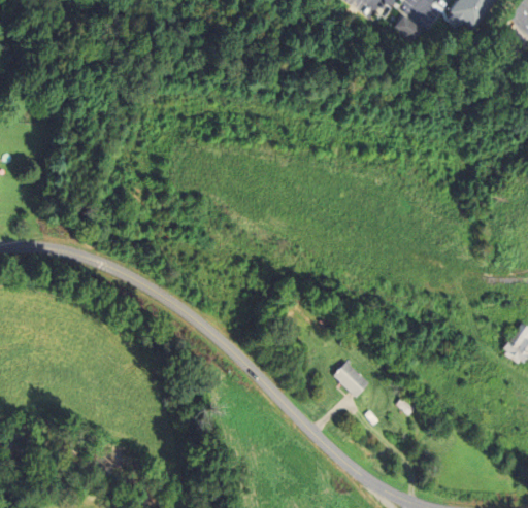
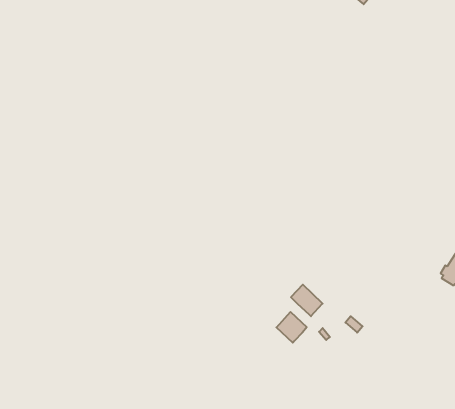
building: none -> [276,312,307,343]

